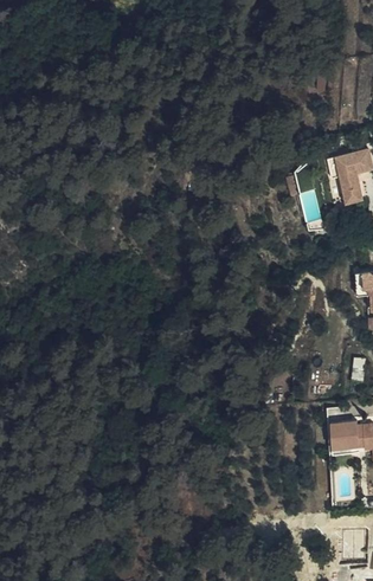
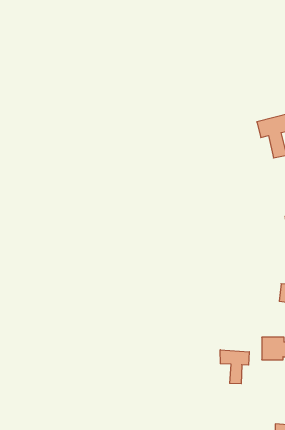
building: none -> [220,350,249,384]

